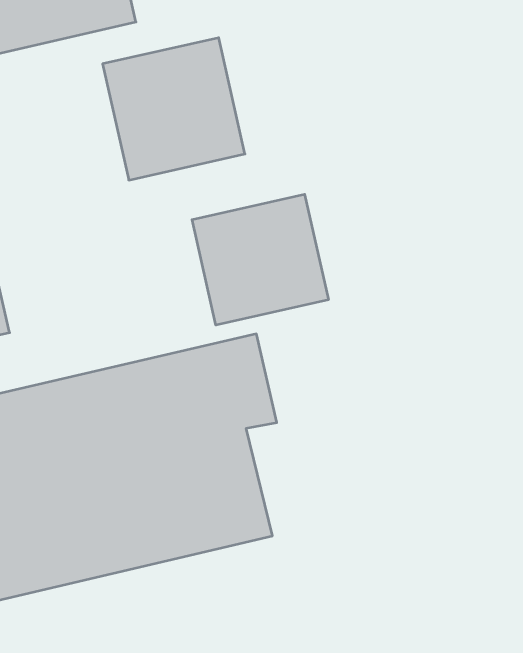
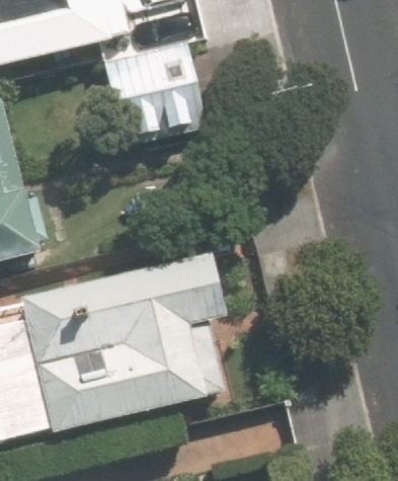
building: [192,194,328,325] -> none

